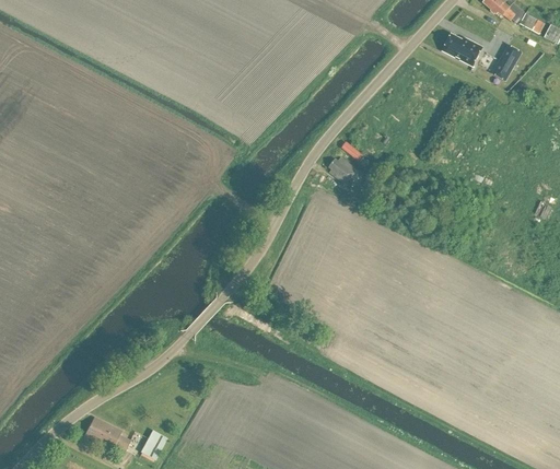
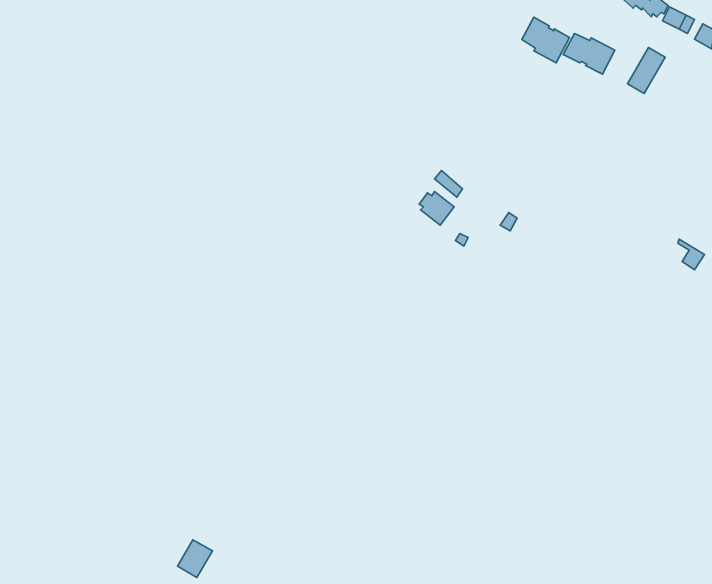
building: none -> [522,17,570,63]
building: [85,418,128,448] -> none

